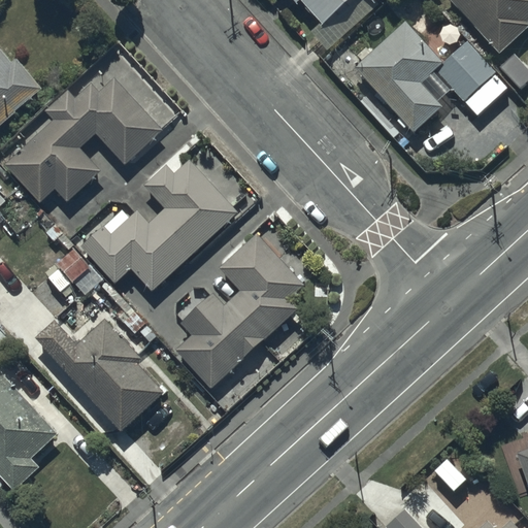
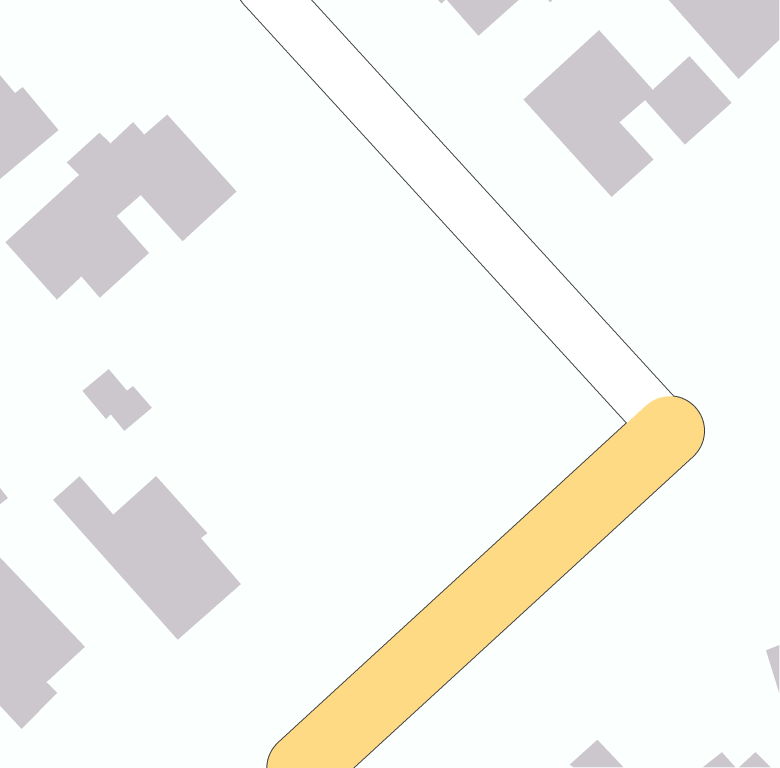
building: [80,159,237,290] -> none
building: [175,233,302,387] -> none

